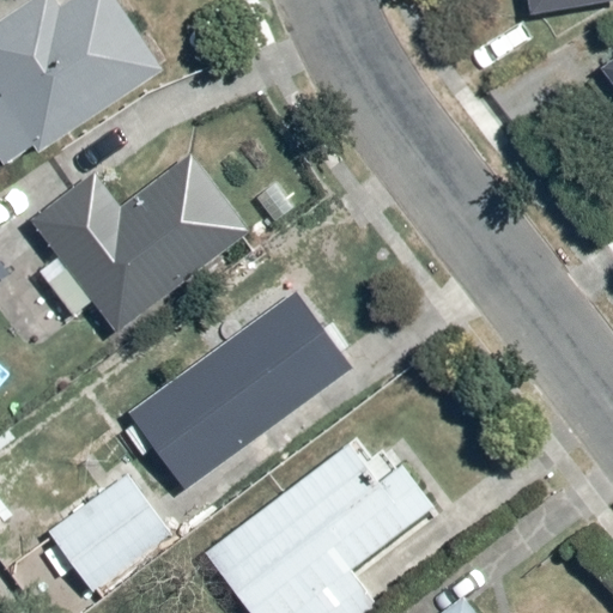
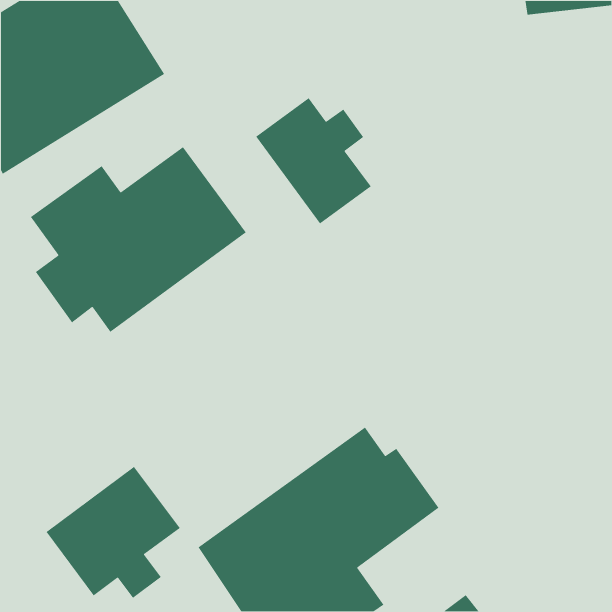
building: none -> [255,97,372,224]
building: [126,277,387,511] -> none

